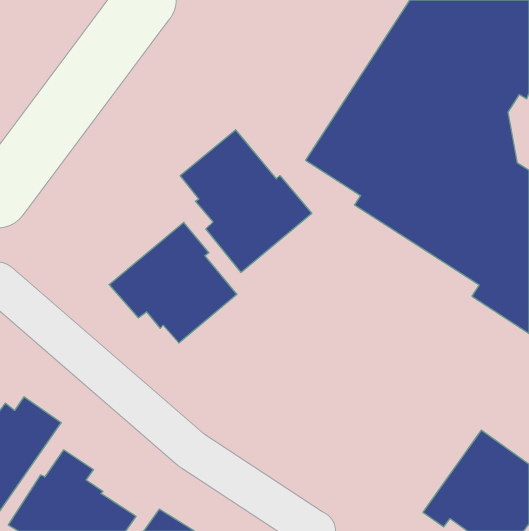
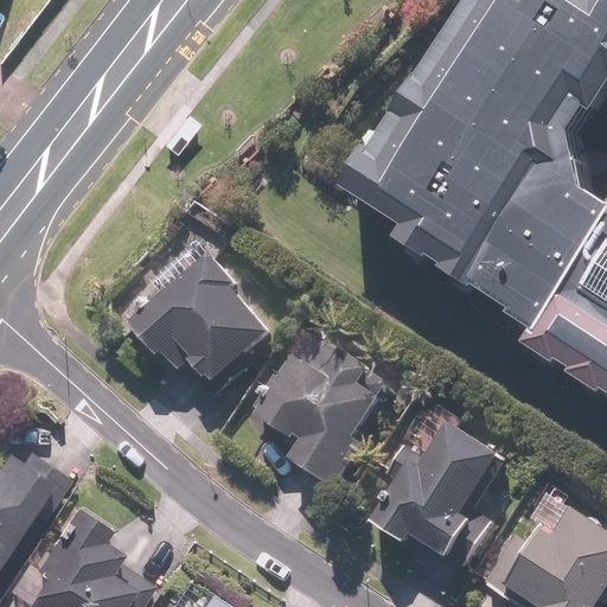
building: [180,130,312,272] -> none
building: none -> [257,343,379,491]
building: none -> [359,400,504,567]

